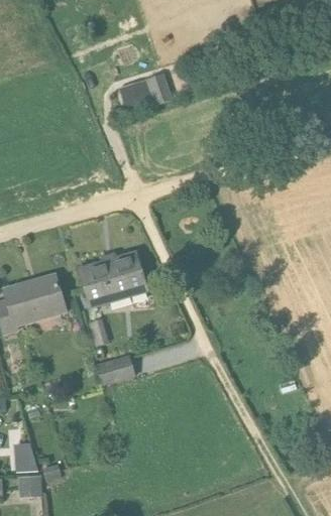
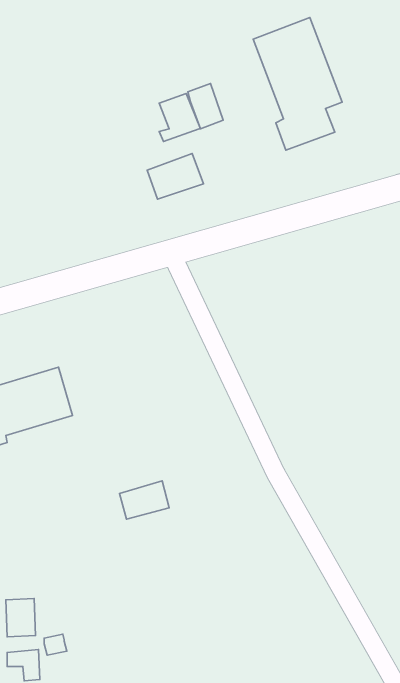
building: none -> [253,17,342,150]
building: none -> [147,154,204,199]
building: [80,251,146,305] -> none

